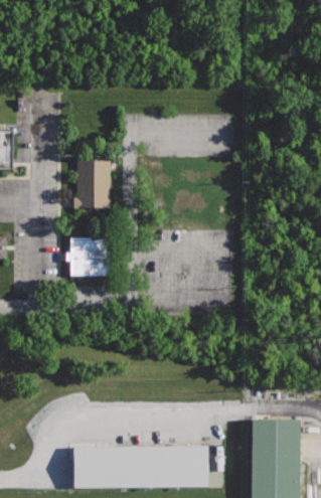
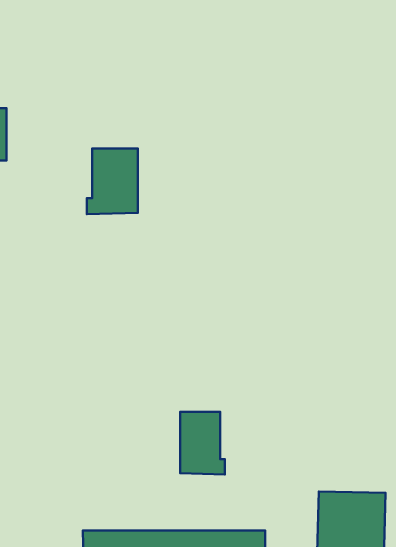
building: [67,238,112,276] -> none
building: none -> [180,412,225,475]

